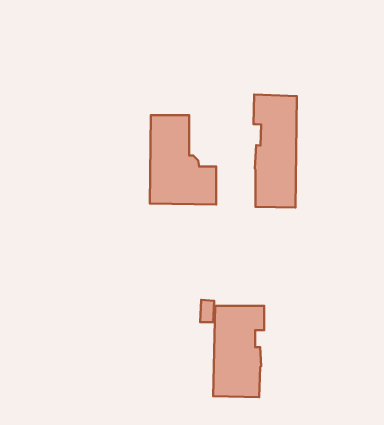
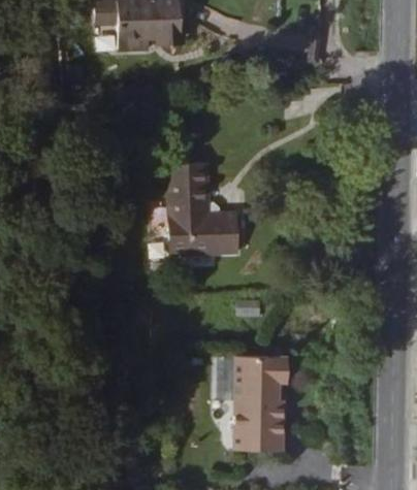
building: [253,94,297,207] -> none

